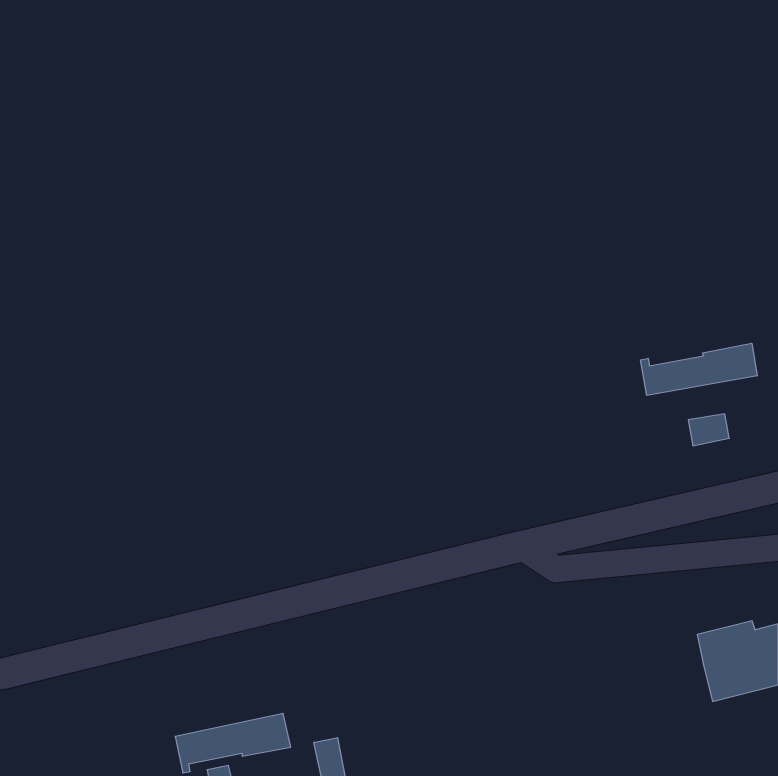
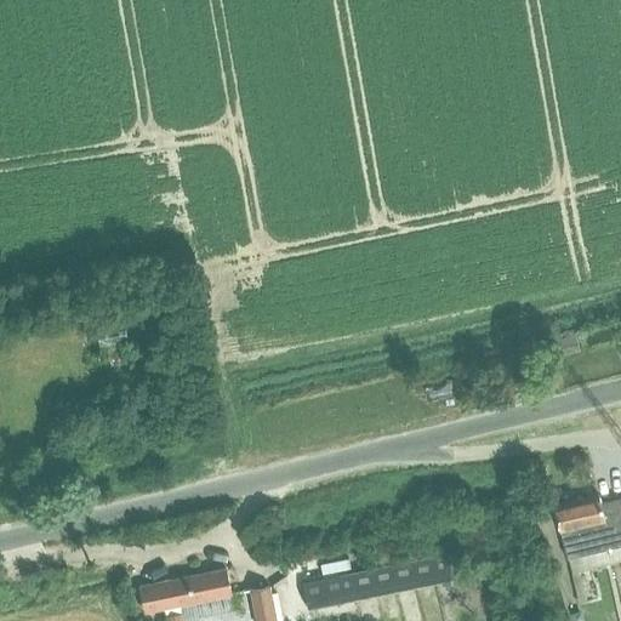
building: [640,343,757,395] -> none
building: none -> [303,554,454,609]

